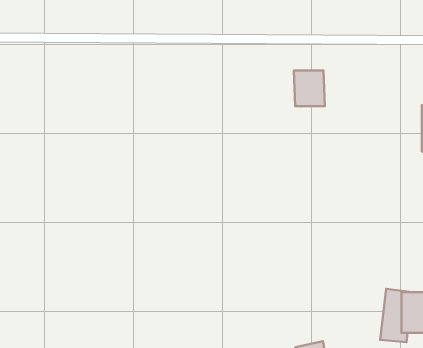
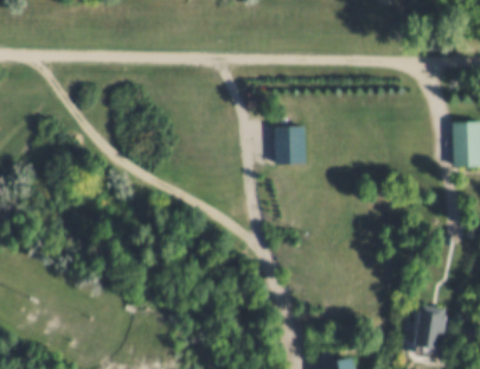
building: [294,70,325,106] -> [274,127,305,163]

